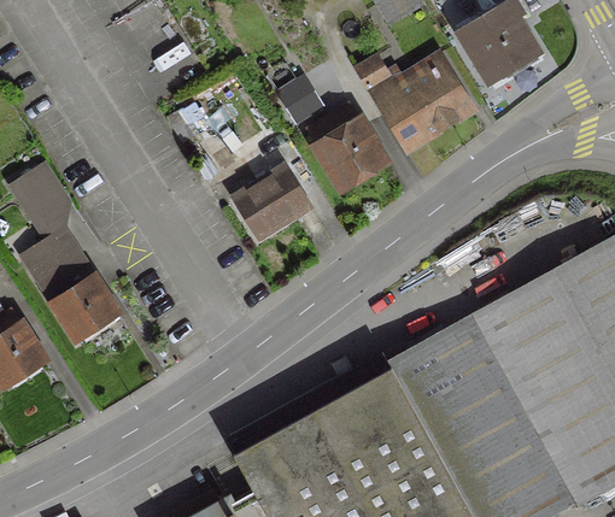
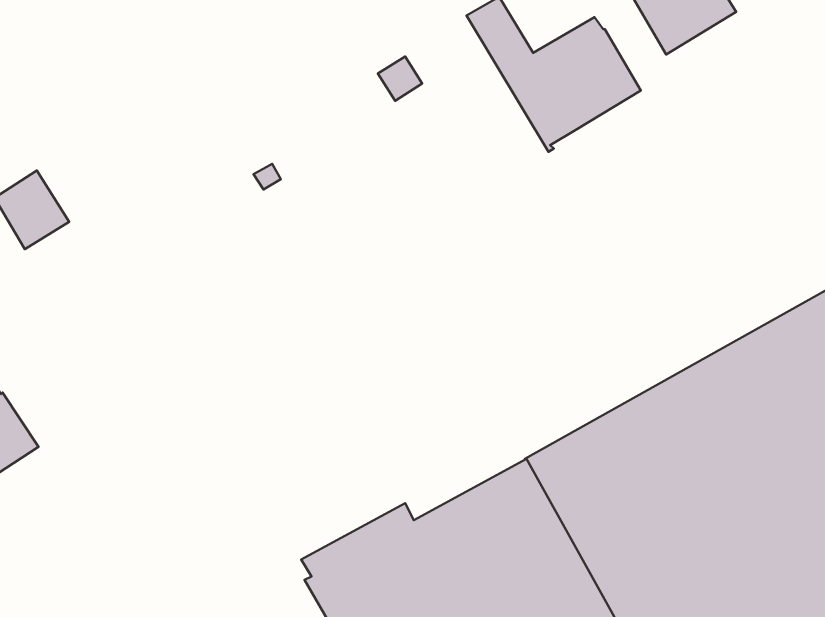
building: [308,105,385,187] -> none
building: [234,166,310,237] -> none
building: [24,231,118,340] -> none

